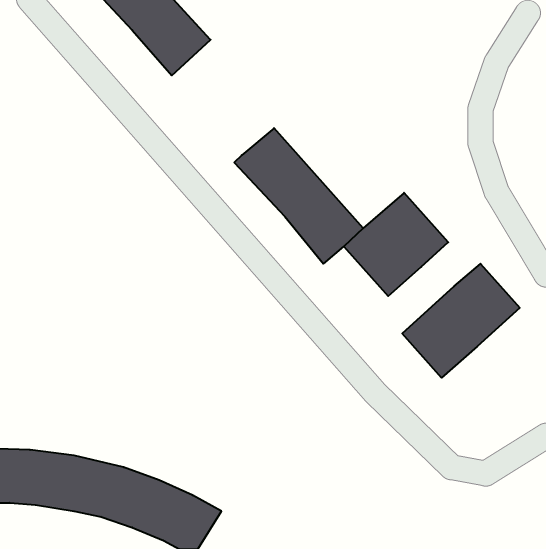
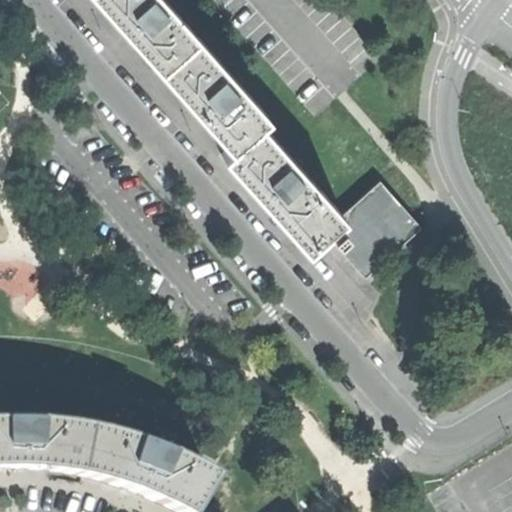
building: none -> [160,37,262,144]
building: [402,264,520,378] -> none

